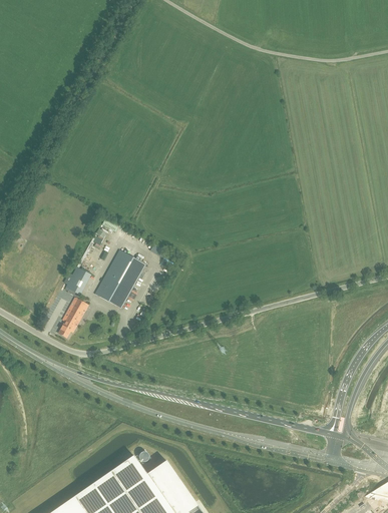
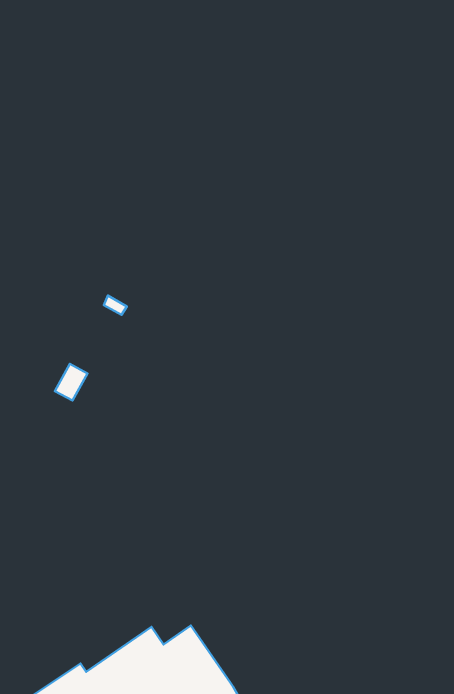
building: [94,250,144,309] -> none
building: [57,298,87,338] -> none

